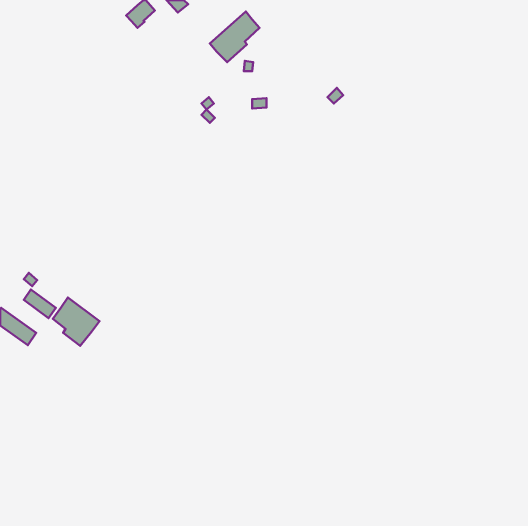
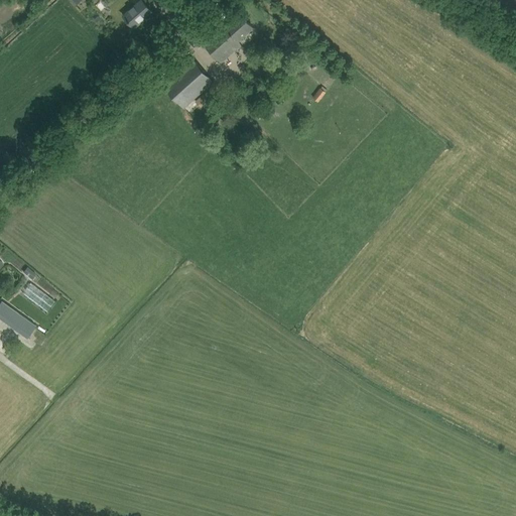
building: none -> [160,56,214,109]
building: [53,297,100,346] -> none

